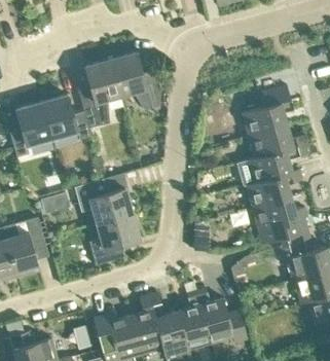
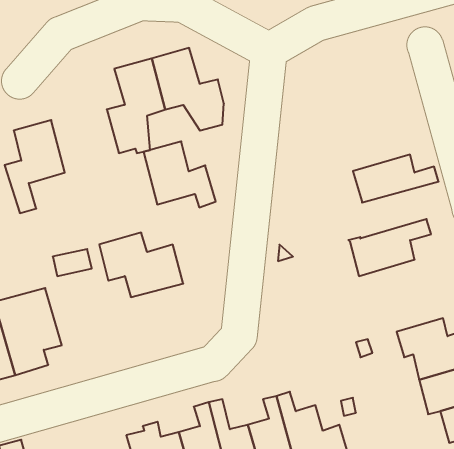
building: [243,85,294,137] -> none
building: [42,95,91,140] -> [144,141,216,207]
building: [237,144,310,186] -> none
building: [253,197,308,243] -> none
building: [89,214,140,264] -> none

